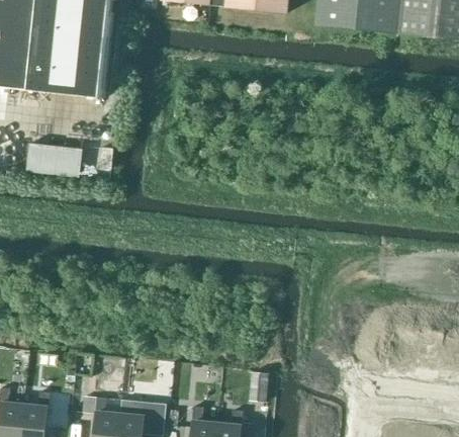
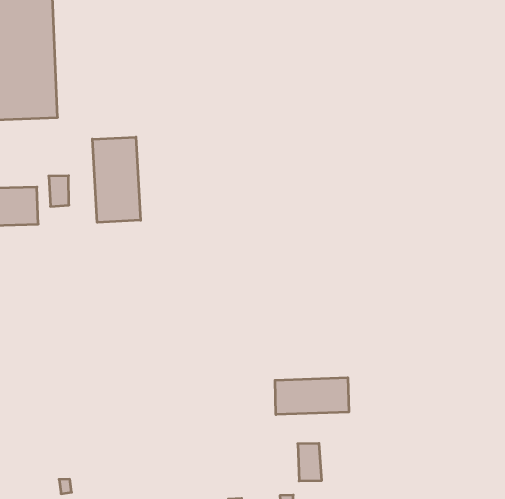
building: none -> [92,137,141,222]
building: none -> [275,378,349,415]

